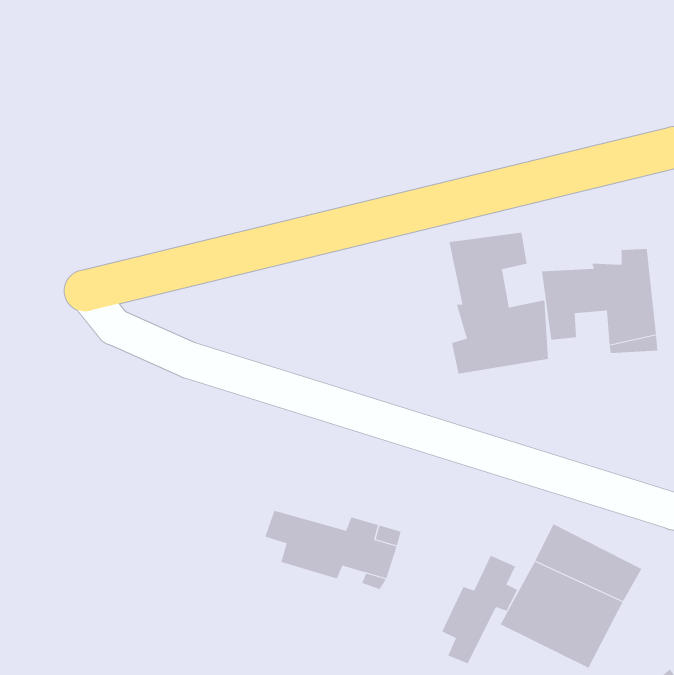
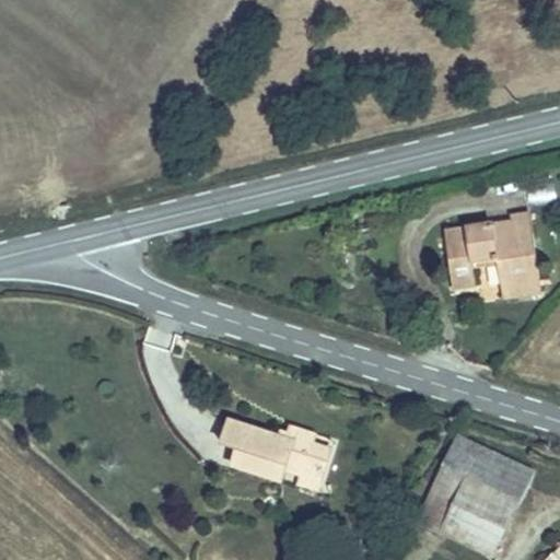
building: [449,232,549,374] -> none
building: [442,555,518,664] -> none

